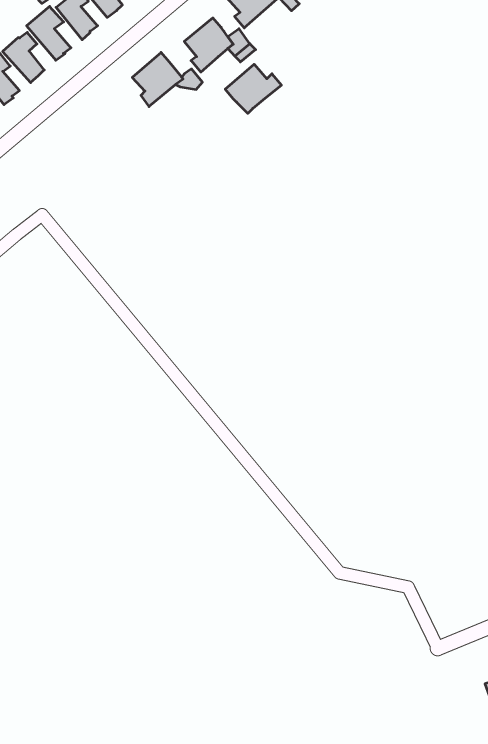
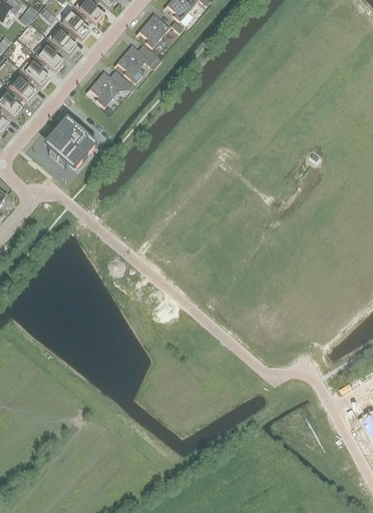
building: [225,64,281,113] -> none
building: none -> [47,119,96,167]

